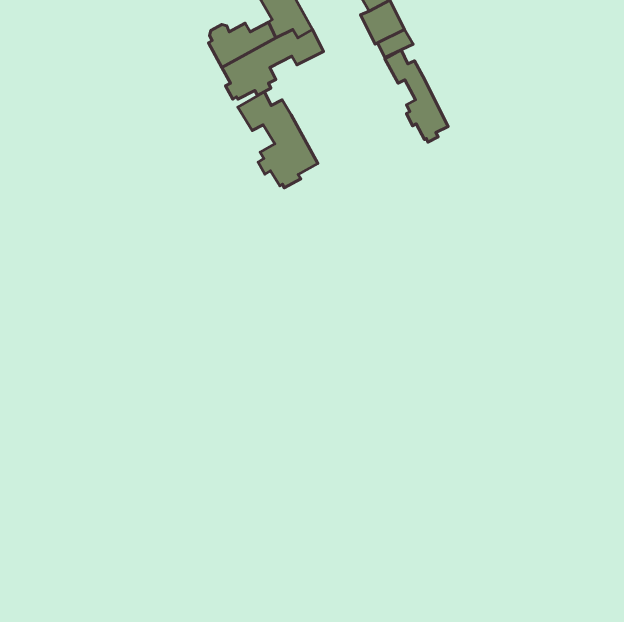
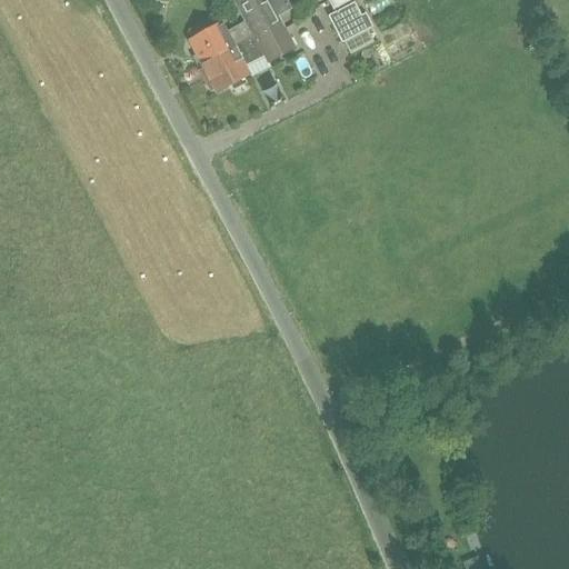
building: [385,50,448,142] -> none
building: [238,92,318,188] -> none

